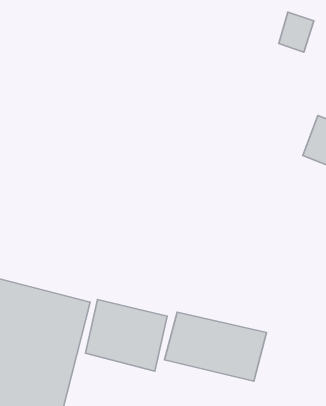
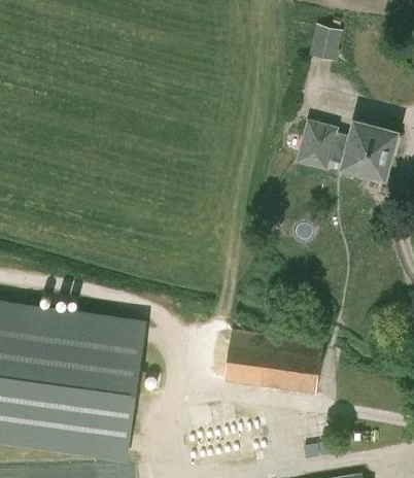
building: none -> [300,124,336,168]
building: [85,299,167,371] -> none

